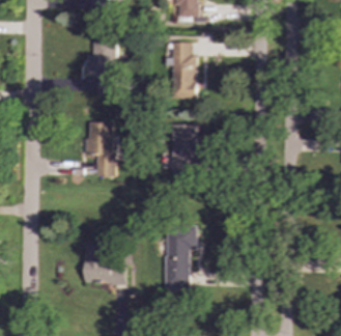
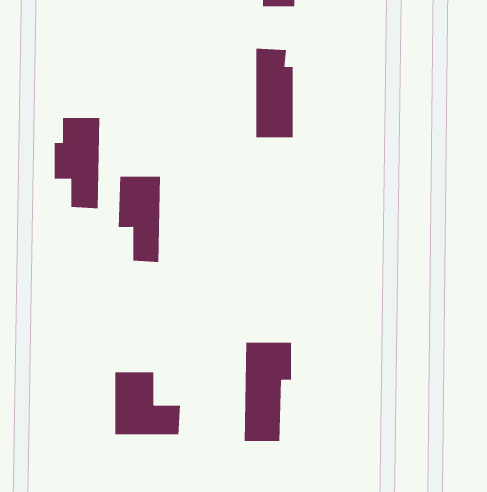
building: [87,38,116,95] -> [54,118,100,209]
building: [172,123,199,178] -> none

